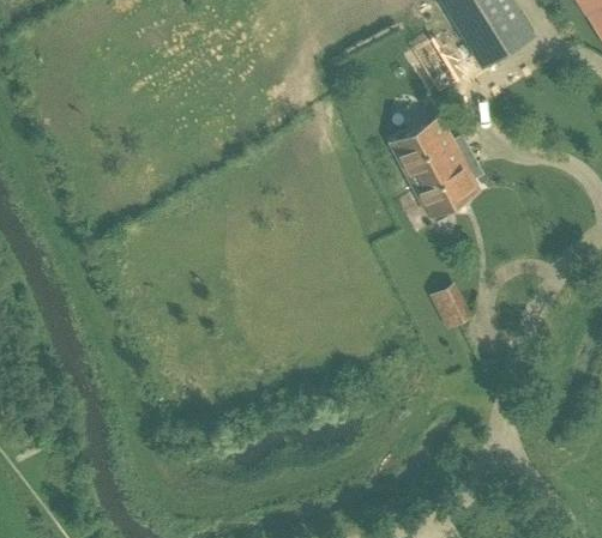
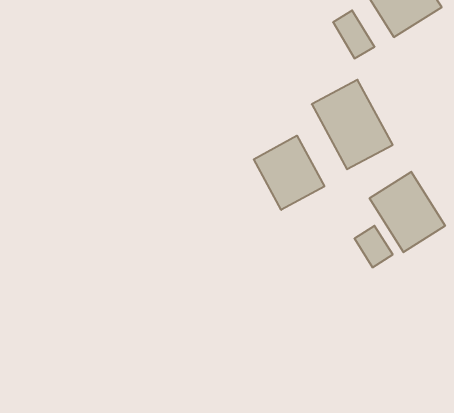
building: none -> [254,136,324,210]
building: none -> [370,172,445,252]

